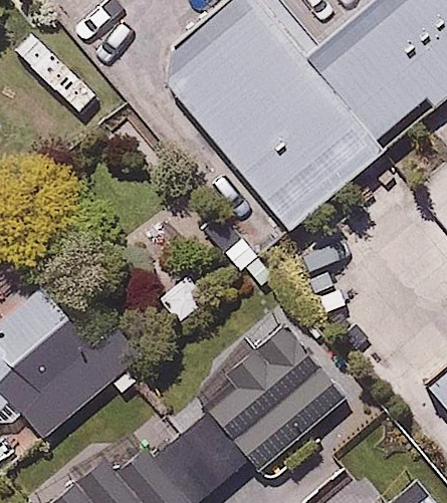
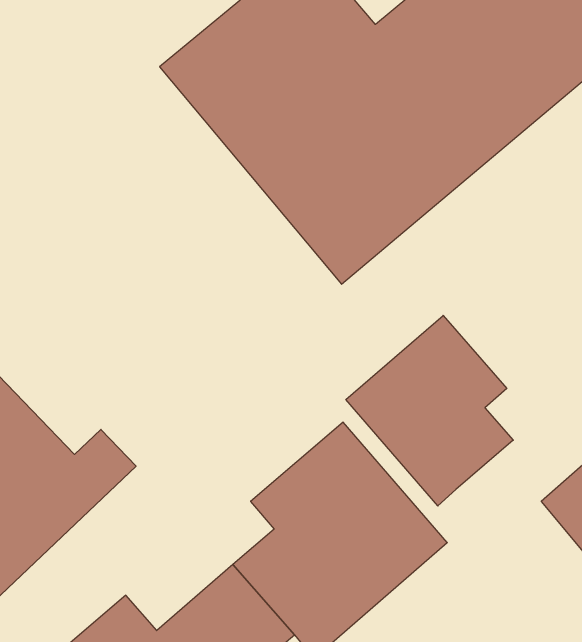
building: none -> [346,315,513,506]

